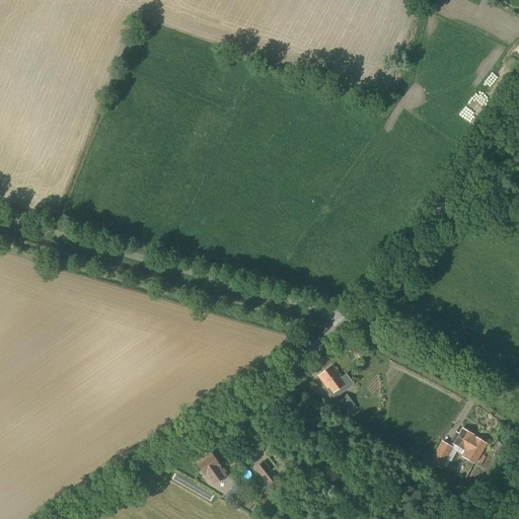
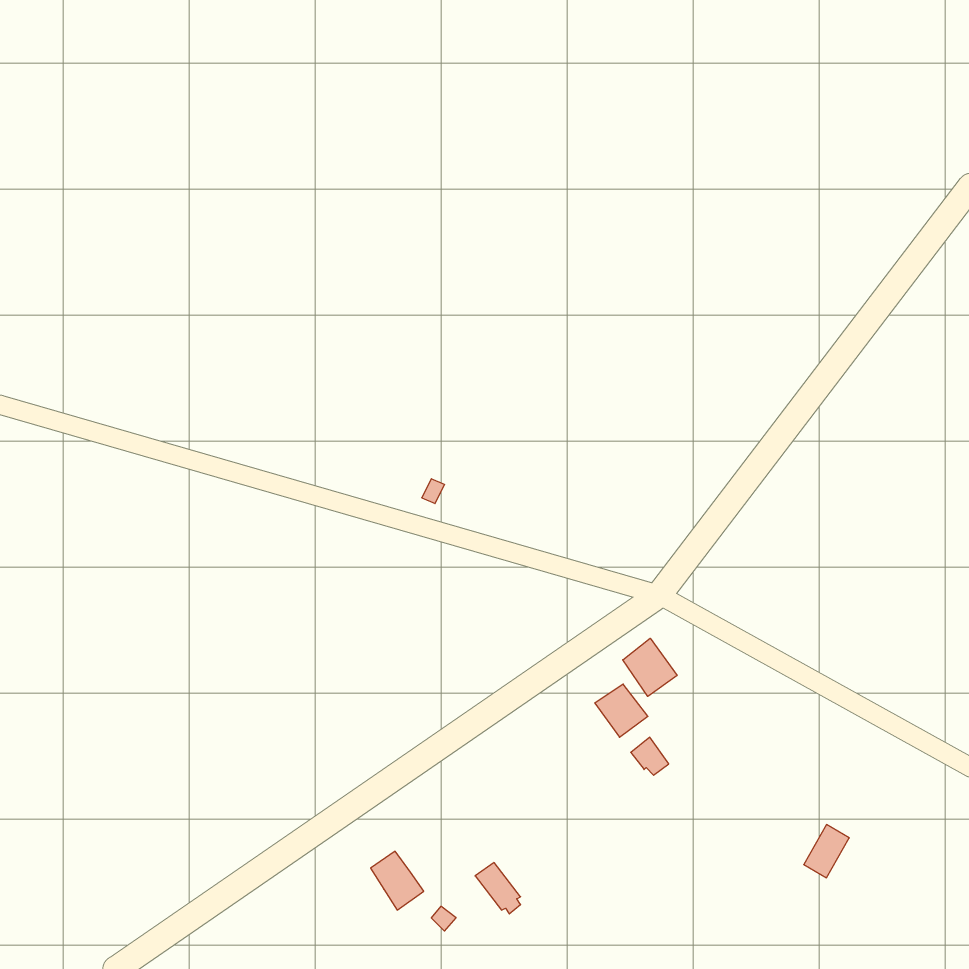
building: none -> [623,638,677,696]
building: [452,428,487,463] -> none

